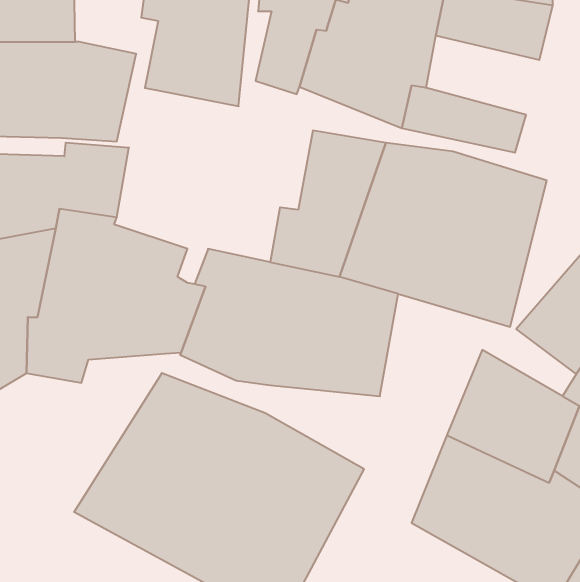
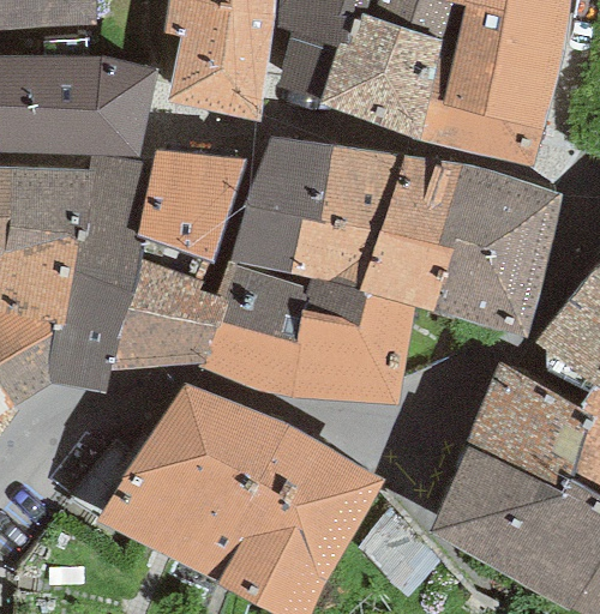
building: none -> [443,50,554,128]
building: none -> [228,136,331,273]
building: none -> [136,149,245,260]

